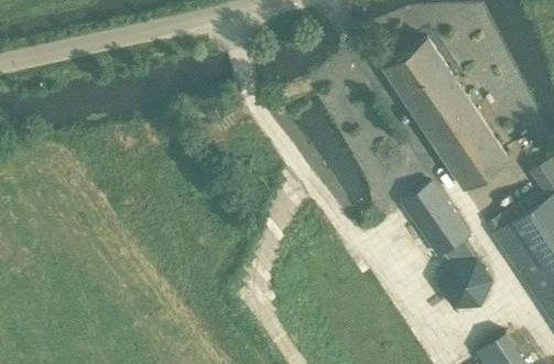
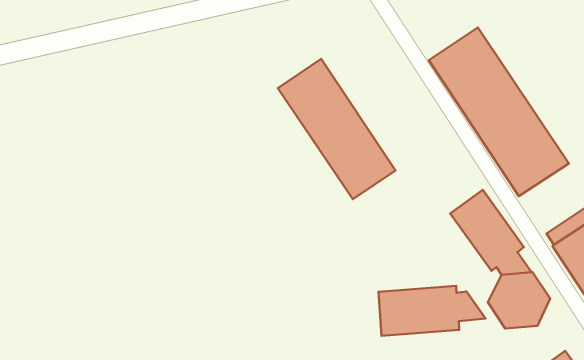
building: none -> [278,59,395,199]
building: none -> [379,286,486,336]

